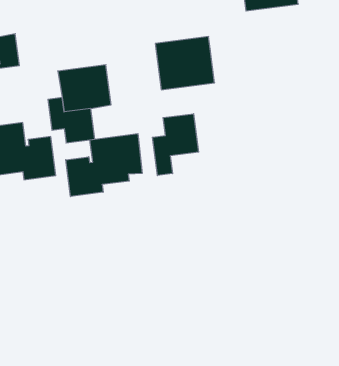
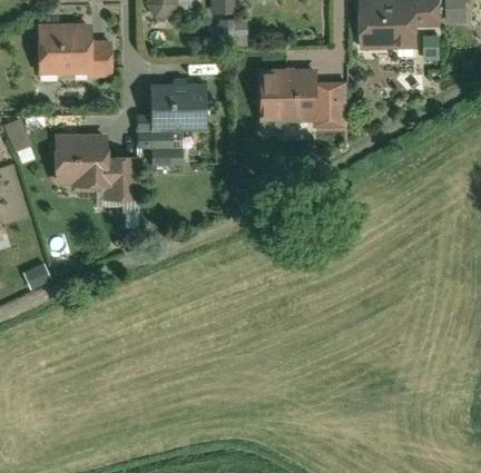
building: none -> [317,83,346,127]
building: [152,114,199,176] -> none
building: [66,134,142,197] -> none

